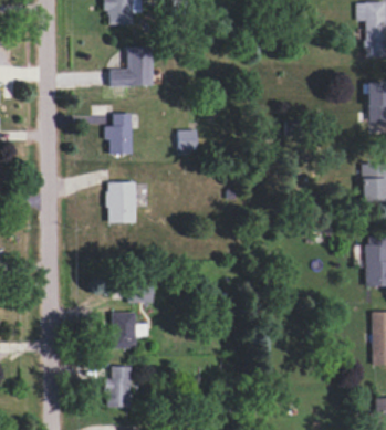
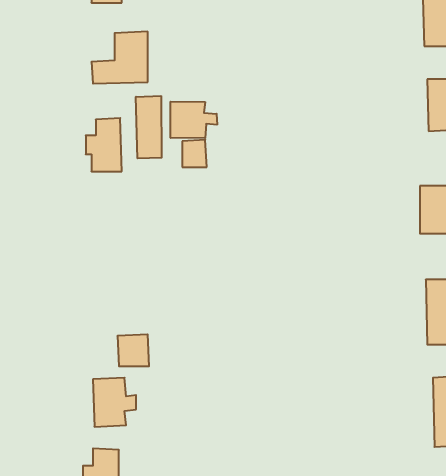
building: none -> [136,96,162,158]
building: none -> [171,102,217,138]
building: [107,182,136,222] -> none

